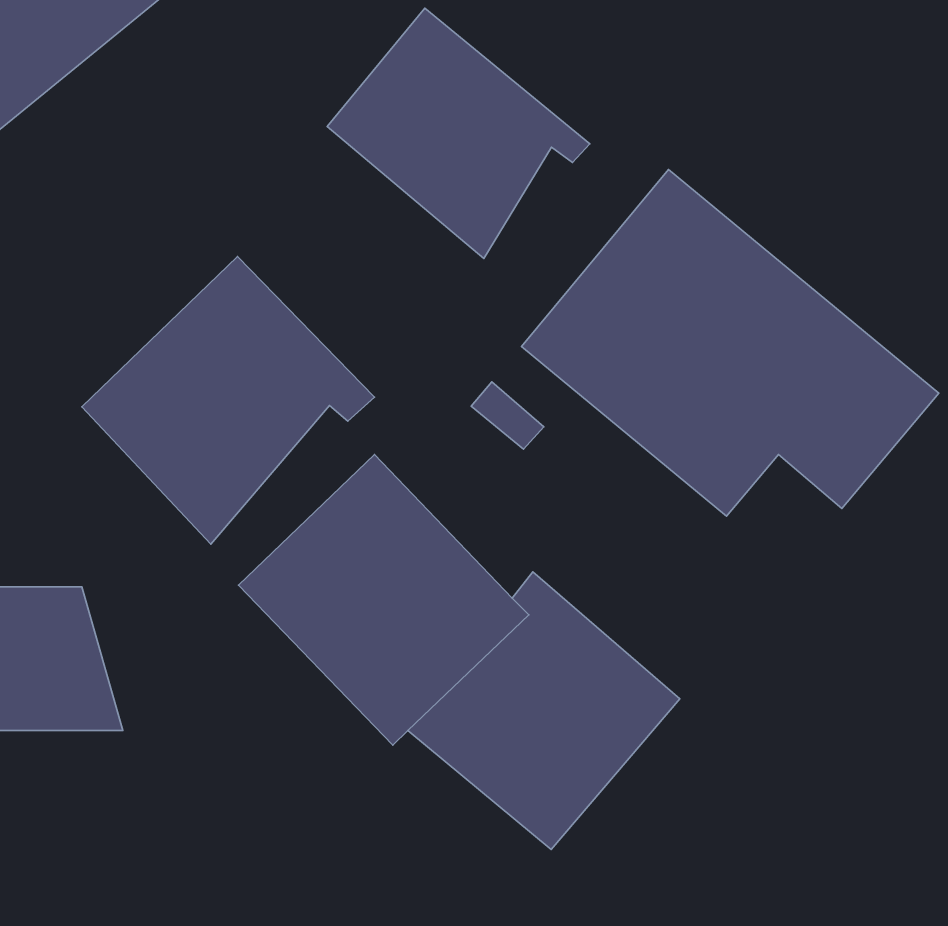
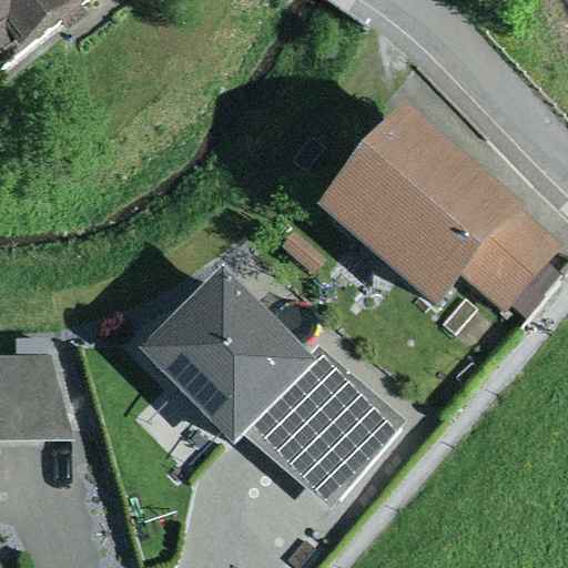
building: [327,8,590,259] -> none
building: [82,257,375,544] -> none

